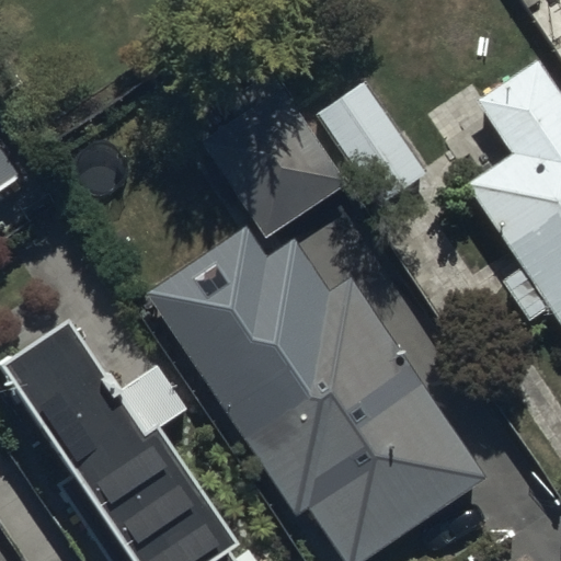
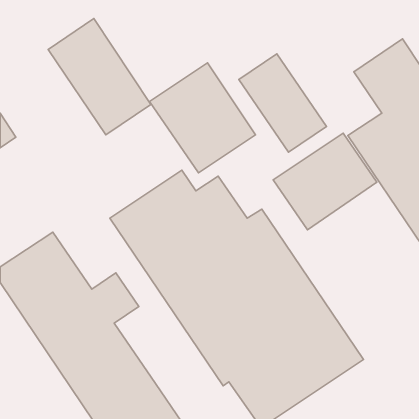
building: none -> [48,19,151,135]
building: none -> [273,133,377,230]

